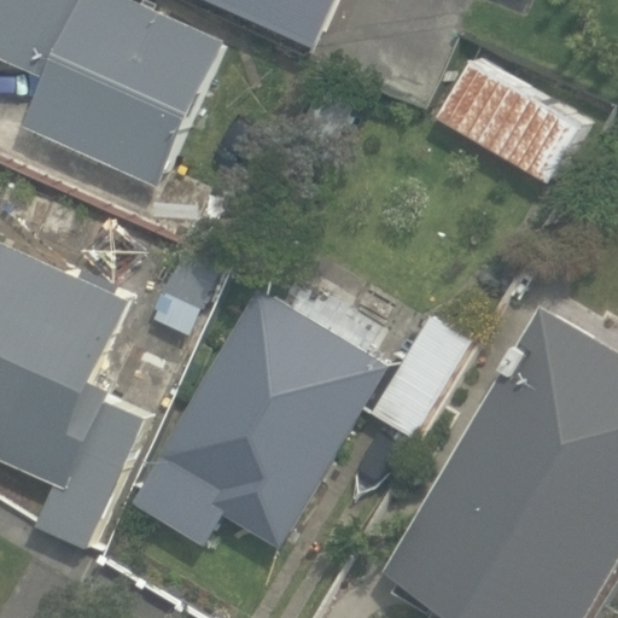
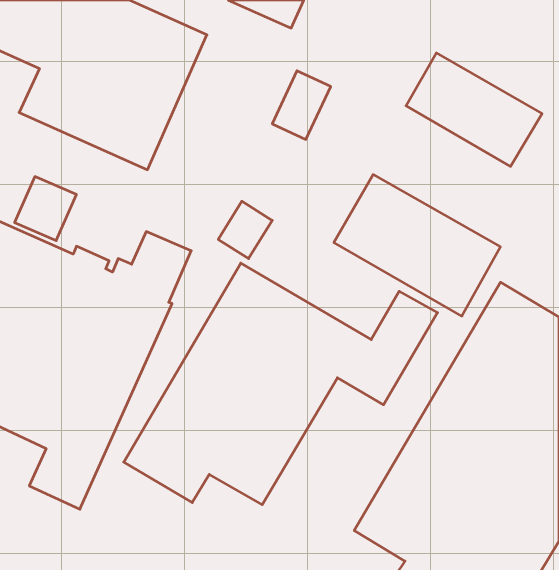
building: none -> [334,175,500,316]

